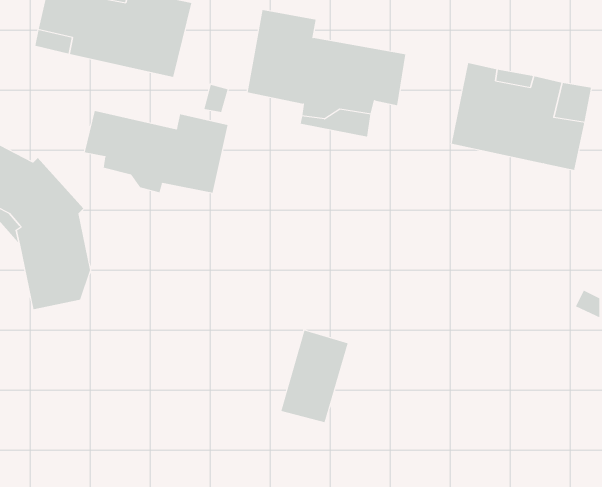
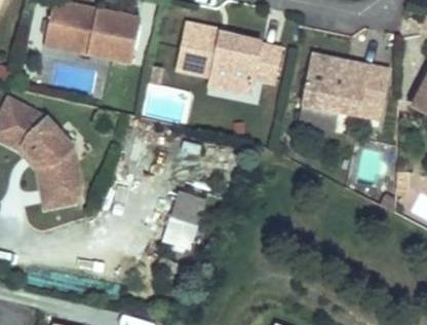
building: [84,110,228,194] -> none
building: [280,330,349,423] -> [164,191,206,249]

